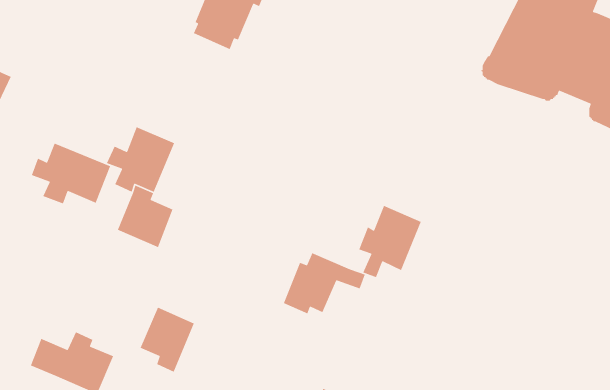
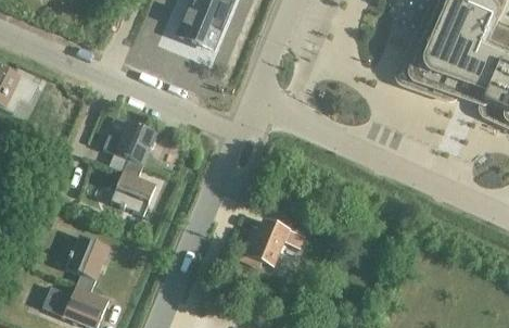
building: [31,143,111,204] -> none
building: [358,205,422,278] -> none
building: [140,307,195,373] -> [66,235,110,287]

